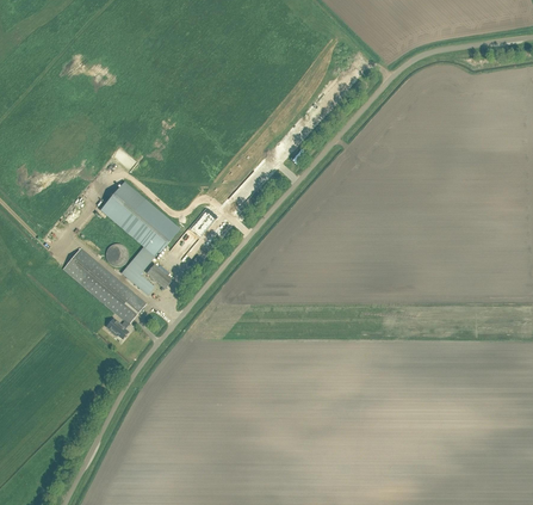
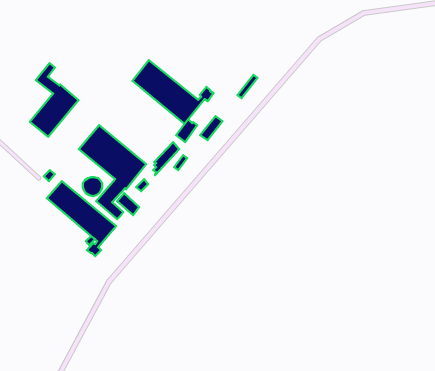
building: none -> [133,60,214,124]
building: none -> [30,63,78,137]

